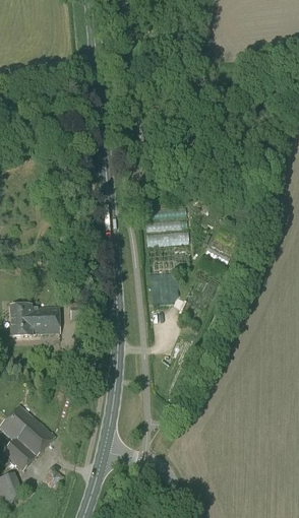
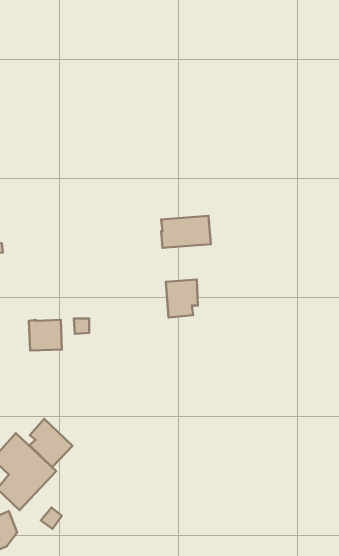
building: [10,305,32,336] -> none
building: none -> [30,419,73,467]

